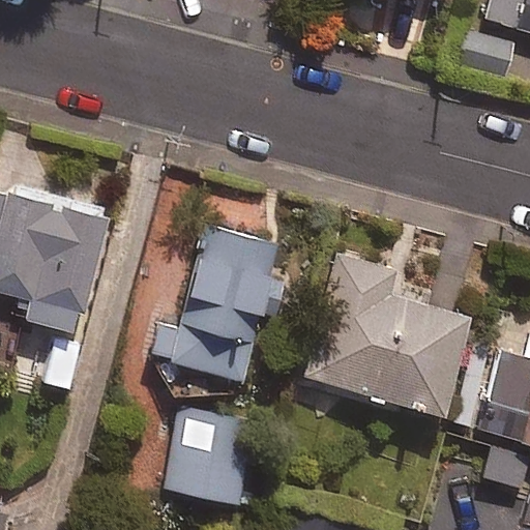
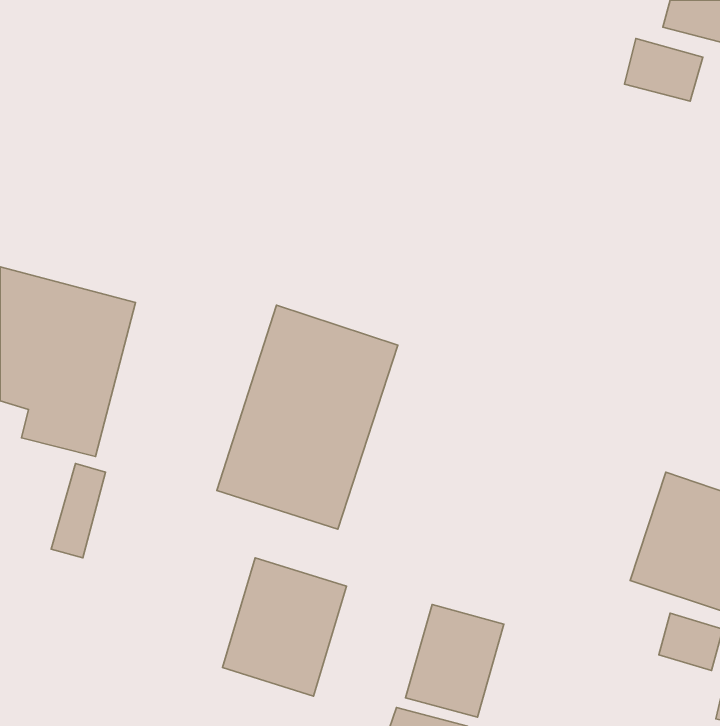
building: [305,256,468,416] -> none
building: none -> [405,605,504,717]

